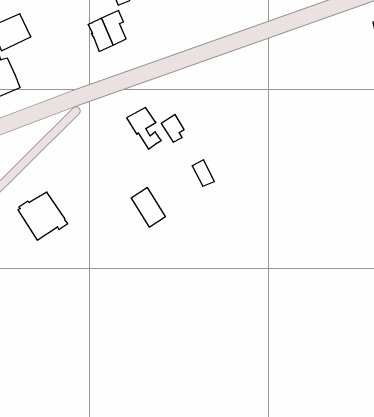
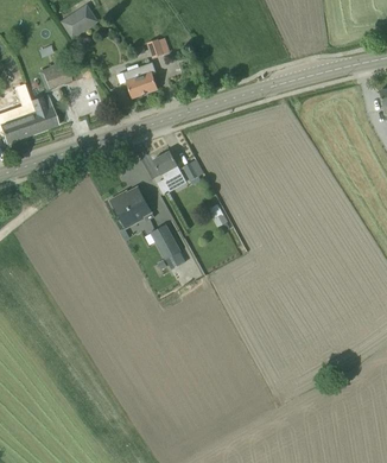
building: [18,192,68,240] -> [110,186,154,229]

